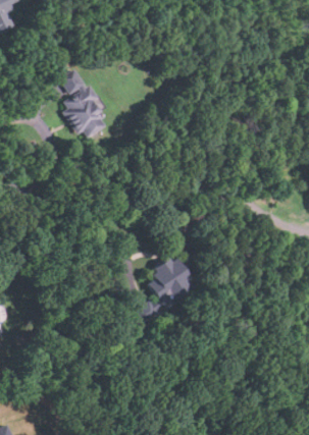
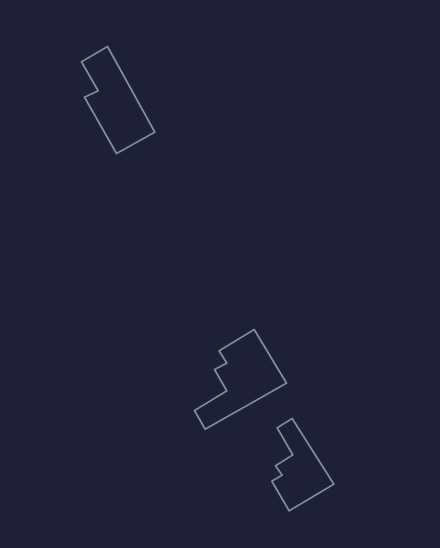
building: none -> [272,418,334,511]

